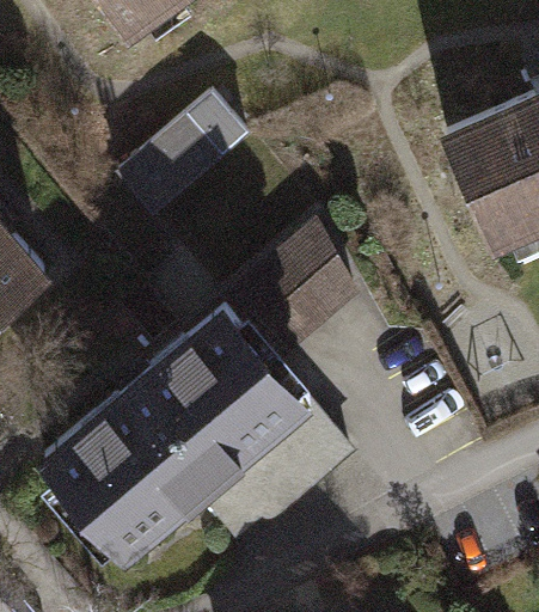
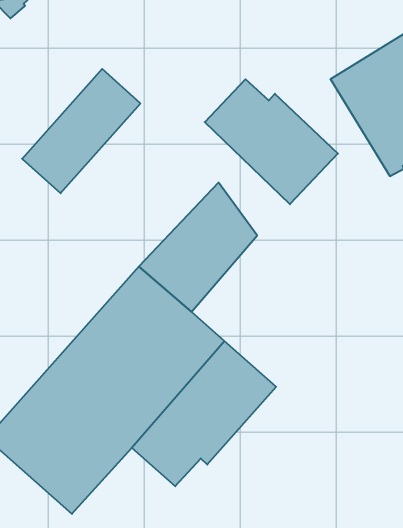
building: none -> [205,79,338,204]

